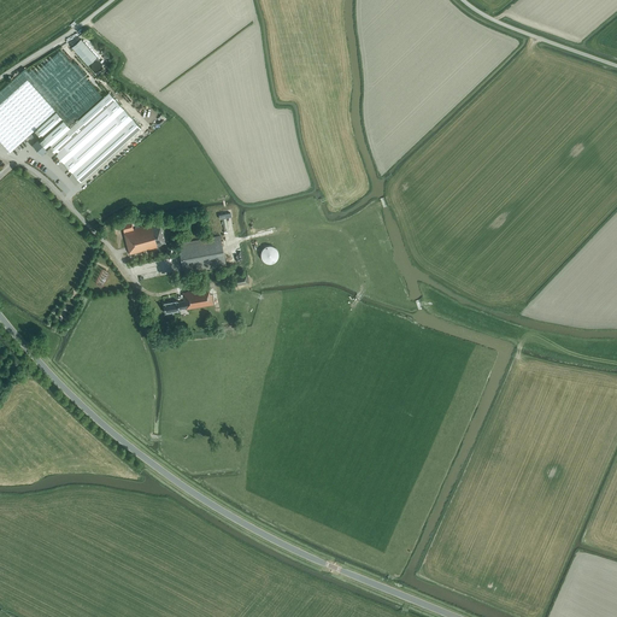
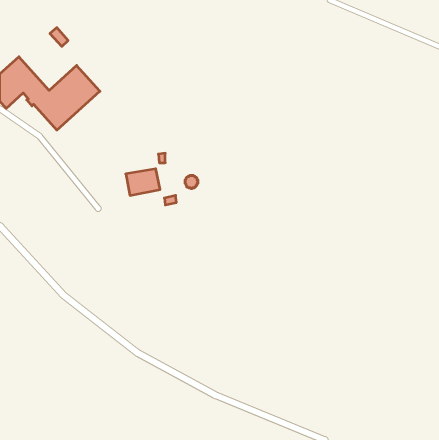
building: [121,221,164,254] -> none
building: [161,288,212,315] -> none

